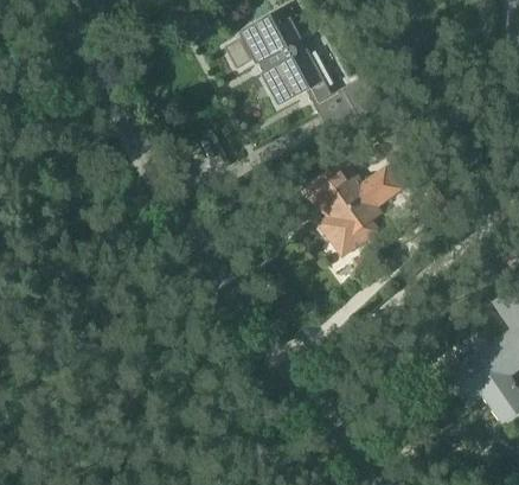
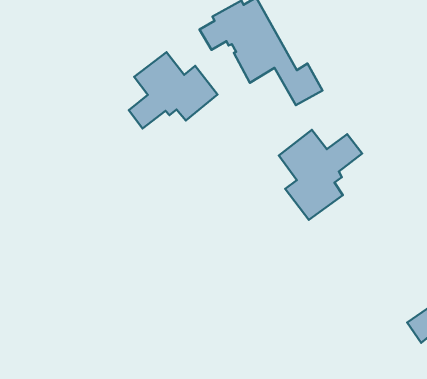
building: none -> [129,52,217,128]

